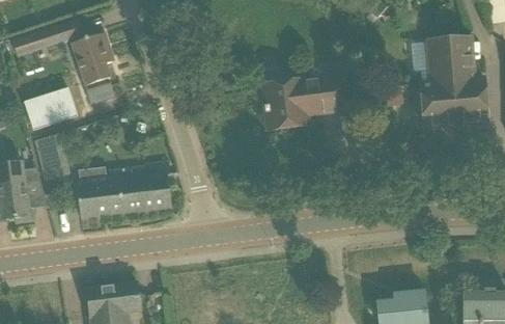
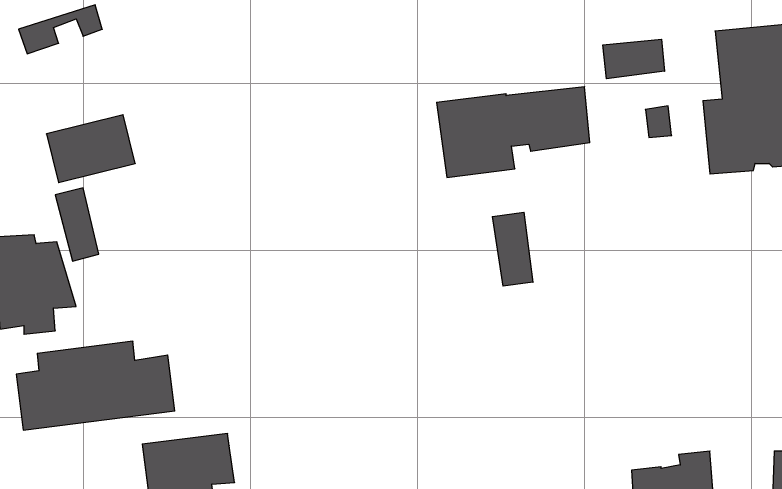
building: [71,32,113,103] -> none
building: none -> [603,39,665,79]
building: none -> [492,212,533,286]
building: [76,165,170,218] -> [16,341,175,430]

